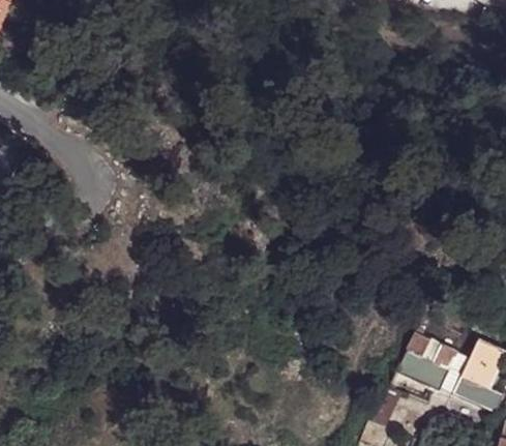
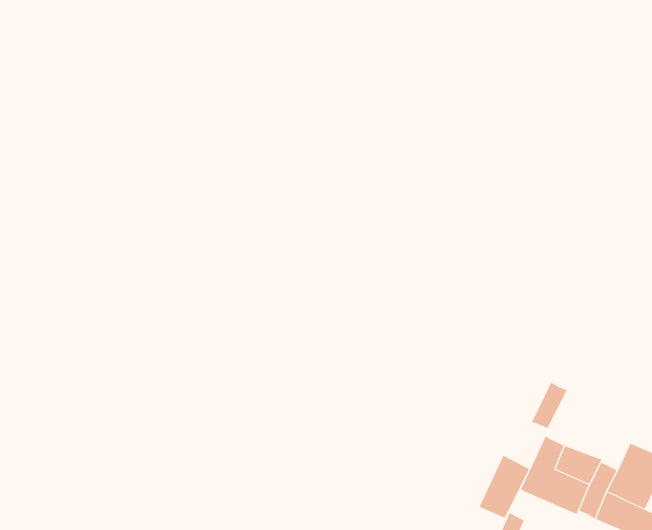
building: none -> [479,455,530,518]

